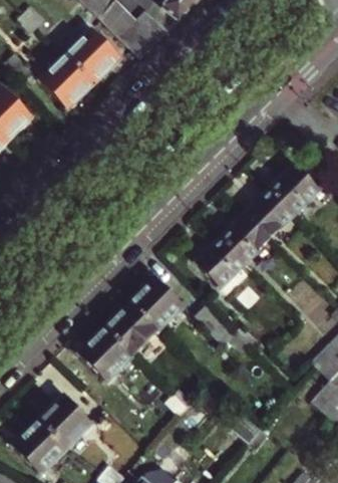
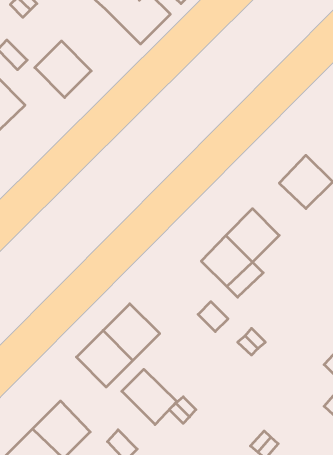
building: [65,28,119,82] -> none
building: [245,188,295,237] -> none
building: [129,275,184,329] -> none
building: none -> [122,369,177,425]

